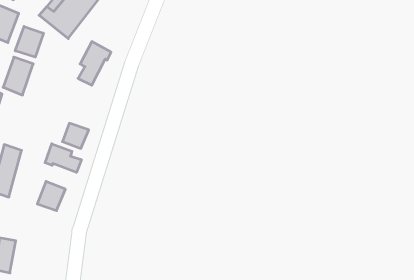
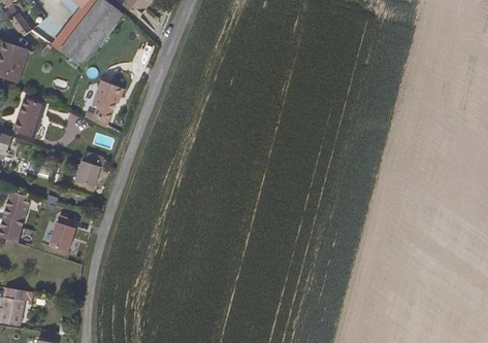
building: [15,26,43,57] -> none
building: [45,144,81,172] -> none

